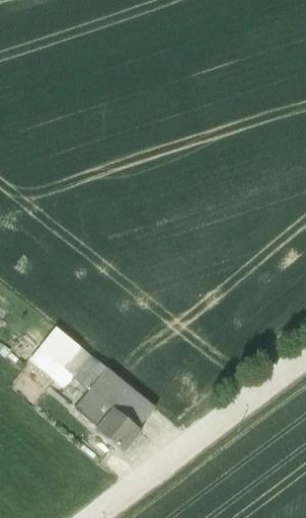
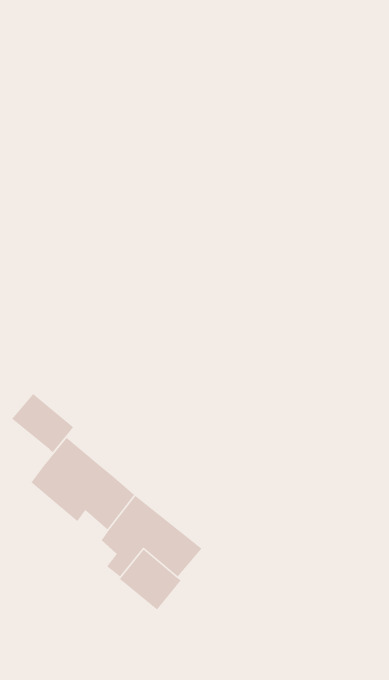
building: none -> [11,393,74,453]

